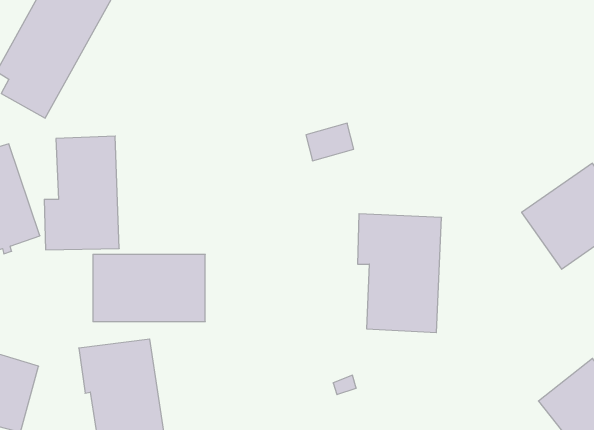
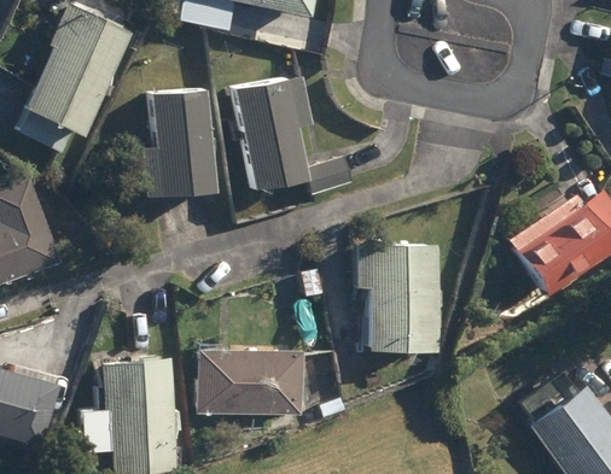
building: none -> [234,78,312,191]
building: [44,136,119,250] -> [141,90,211,197]
building: [93,254,205,322] -> [198,352,303,415]

